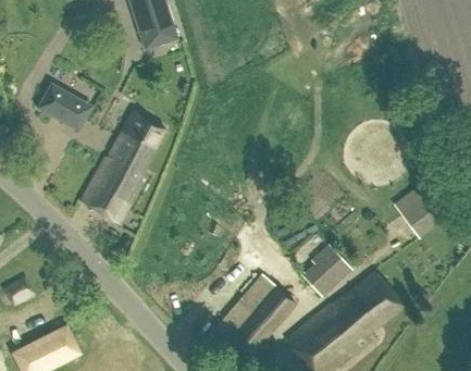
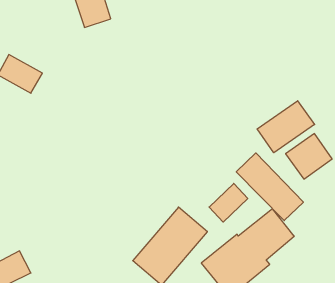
building: [84,116,165,225] -> none
building: none -> [257,101,315,153]
building: none -> [236,153,303,221]

